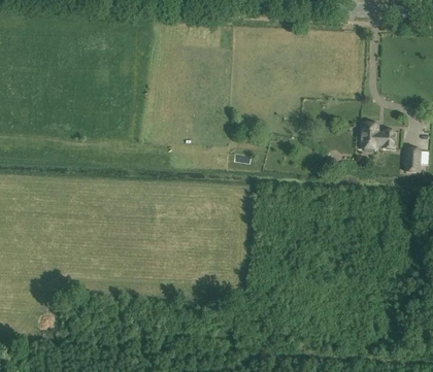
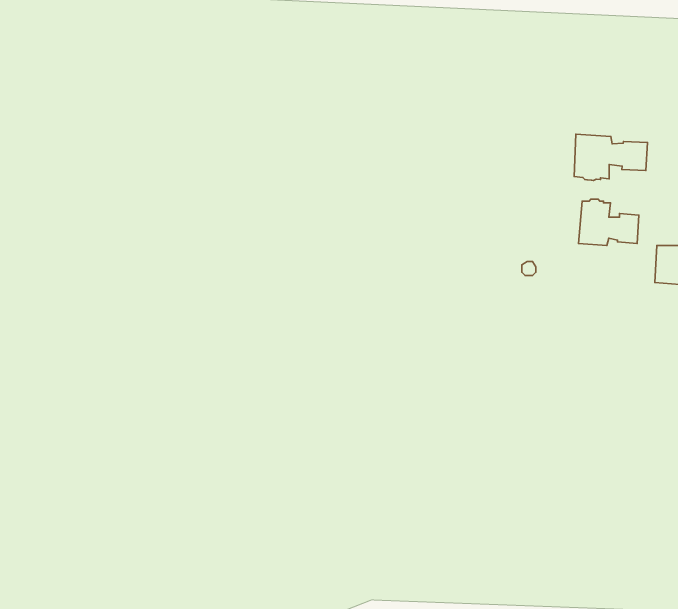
building: none -> [574,134,648,181]

